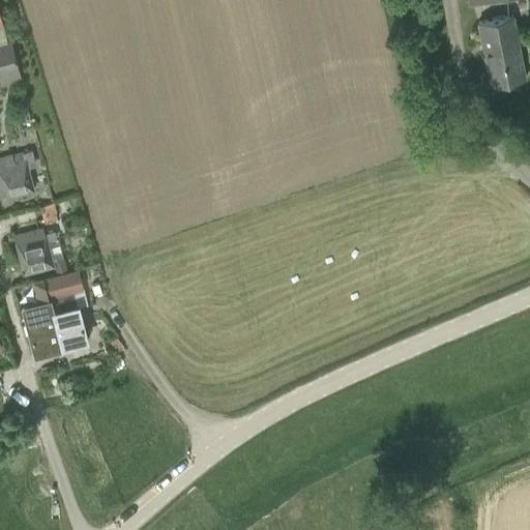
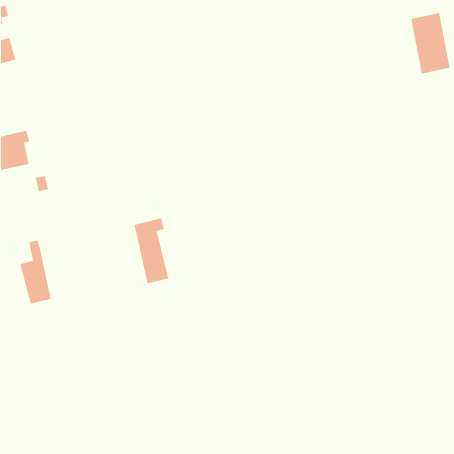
building: [16,231,56,273] -> none
building: [46,272,87,349] -> [133,218,169,284]

